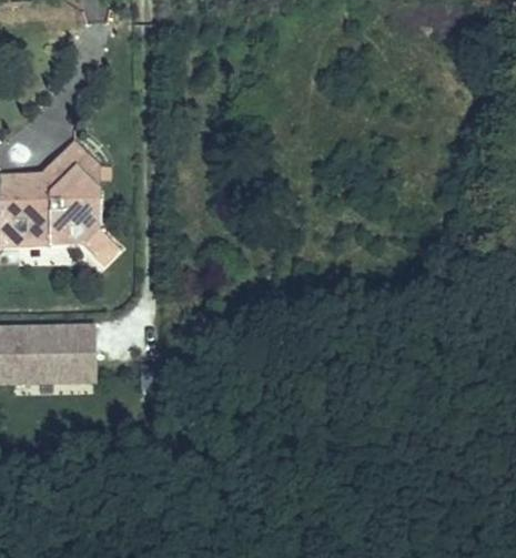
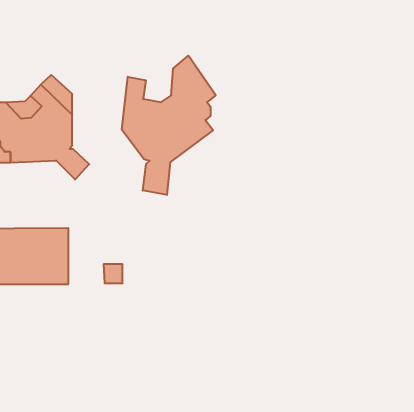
building: none -> [122,56,216,195]

